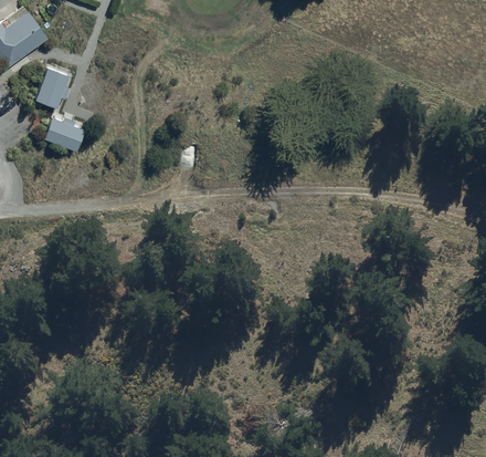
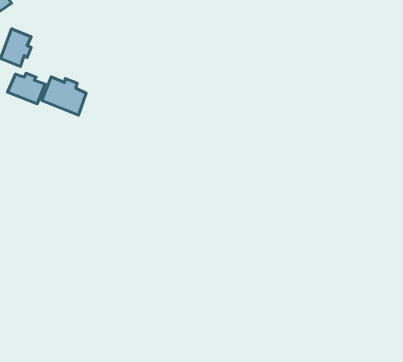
building: none -> [42,77,86,115]

